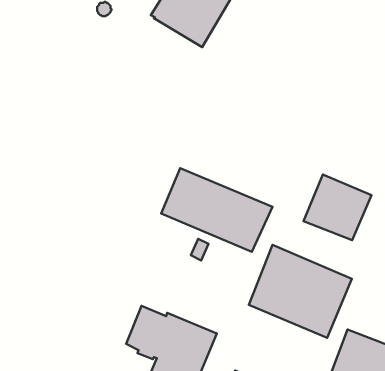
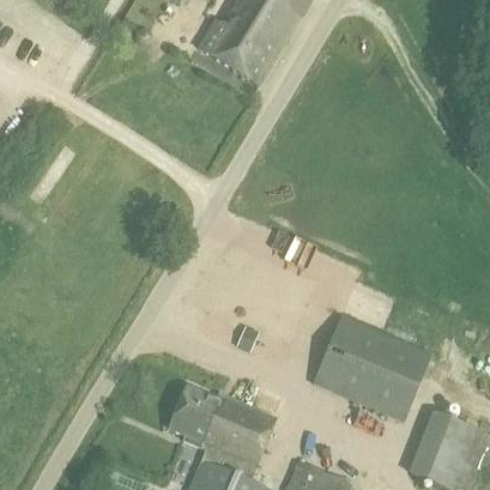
building: [161,168,273,252] -> none
building: [303,175,371,240] -> none

